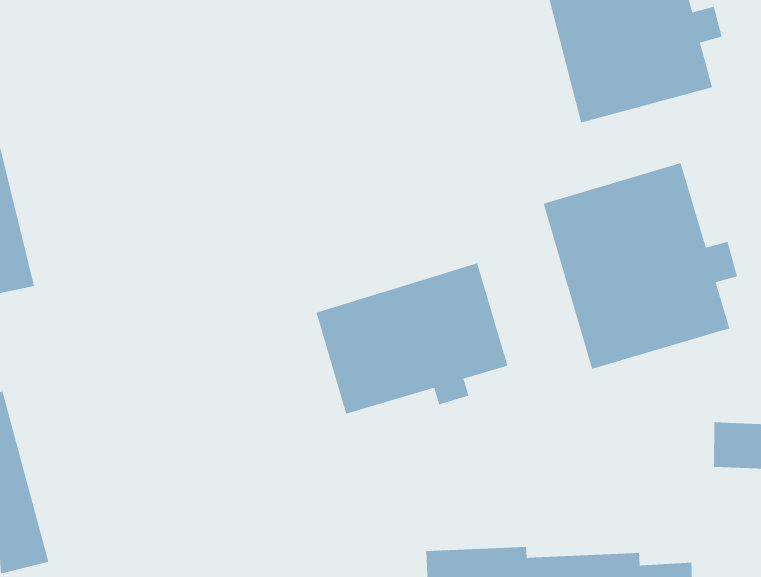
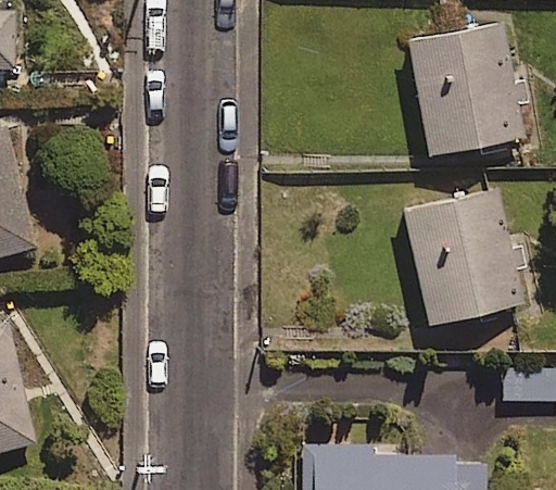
building: [316,263,508,415] -> none

